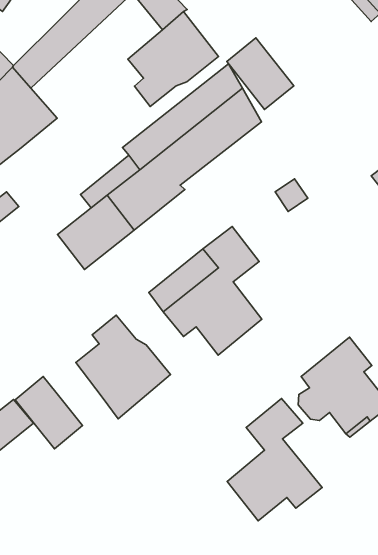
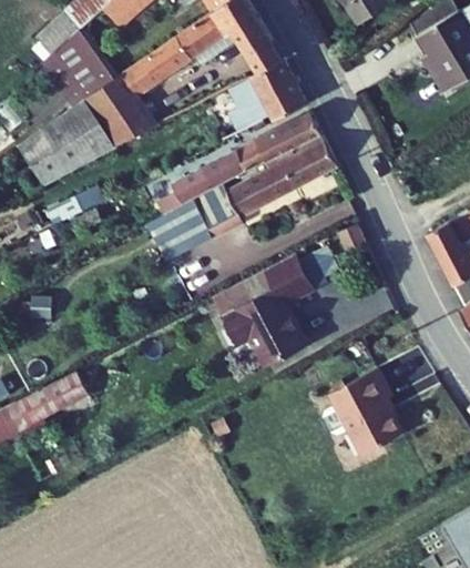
building: [227,38,294,109] -> none
building: [76,315,171,419] -> none
building: [15,376,83,449] -> none
building: [227,398,322,521] -> none

